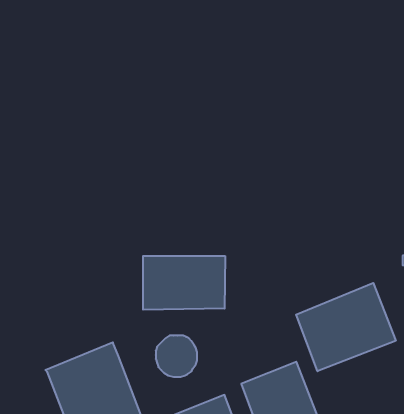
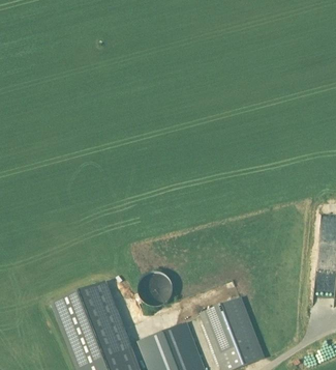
building: [143,256,225,310] -> none
building: [296,283,396,371] -> none

